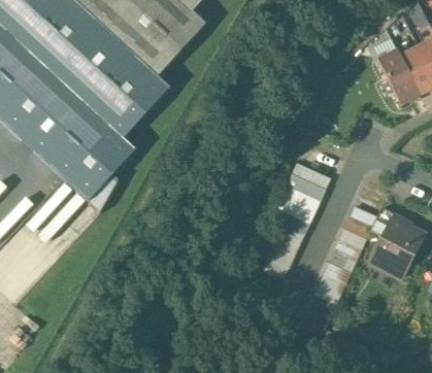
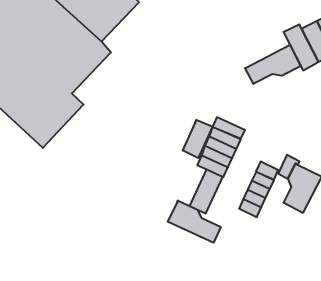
building: none -> [245,45,301,84]
building: none -> [183,120,213,158]
building: none -> [168,200,221,243]

